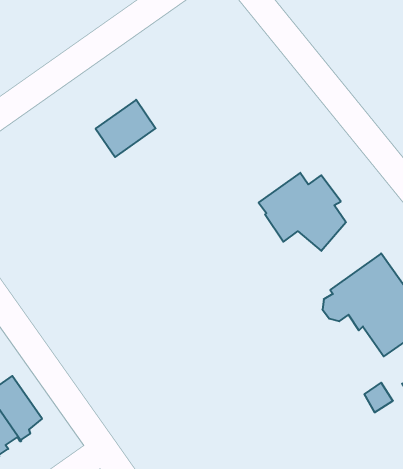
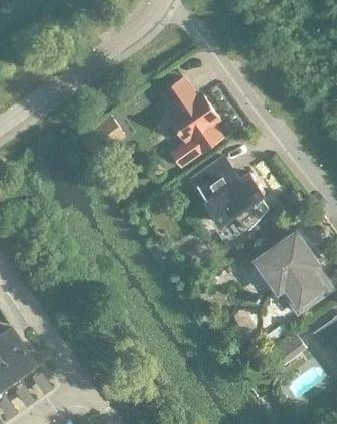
building: none -> [162,79,224,168]
building: none -> [190,156,233,195]

